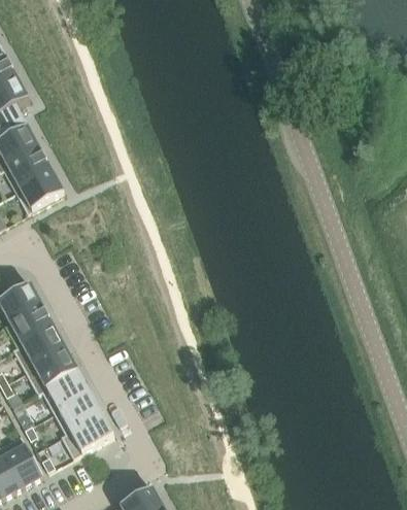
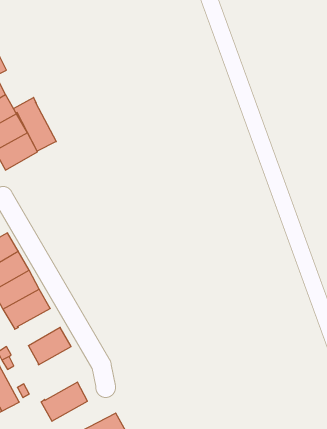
building: none -> [14,97,56,151]
building: [41,370,90,412] -> none
building: [61,413,113,457] -> [41,382,87,421]

